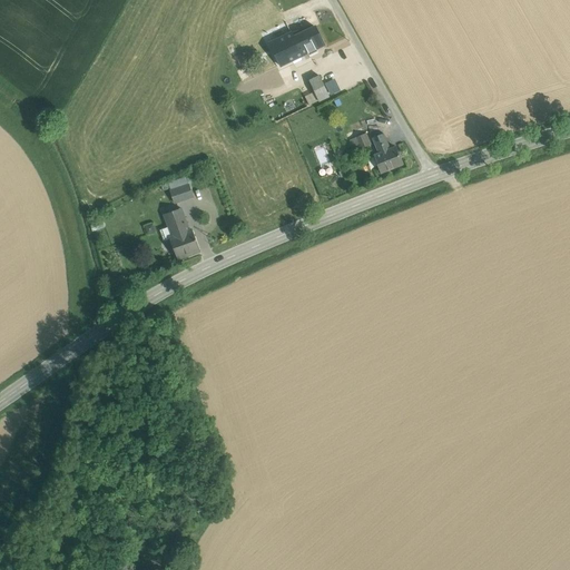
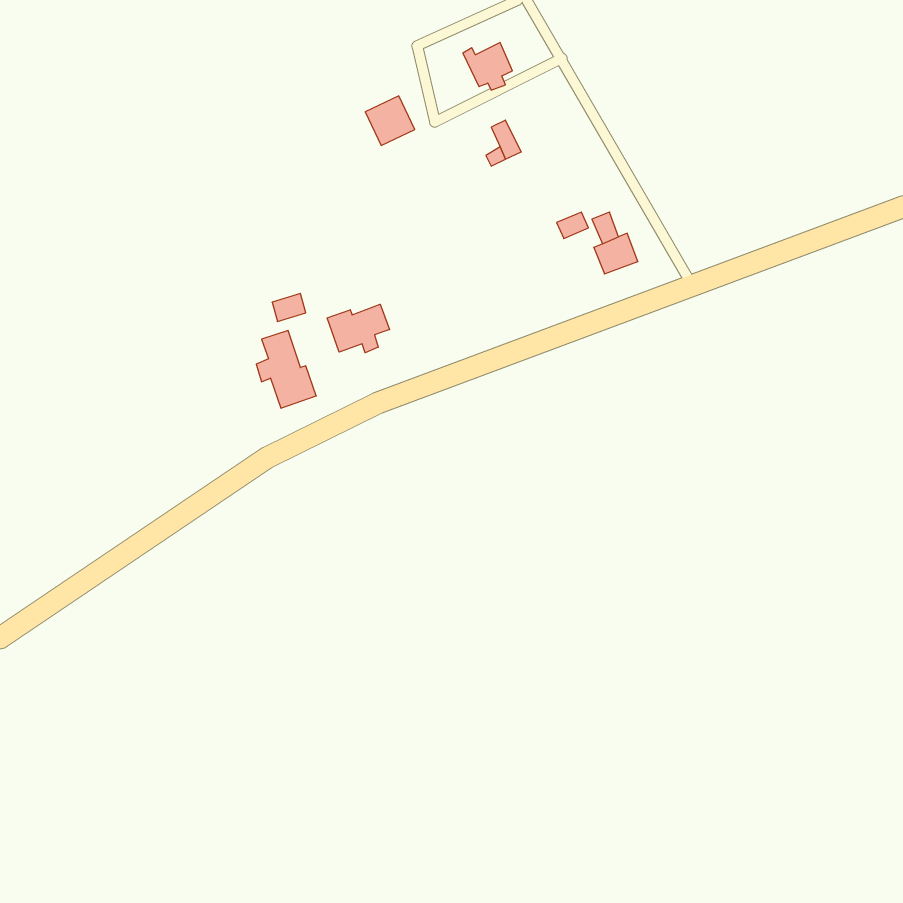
building: [271,33,302,65] -> [365,96,415,145]
building: none -> [327,304,390,353]

